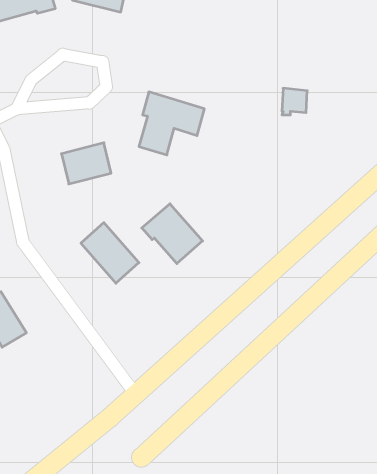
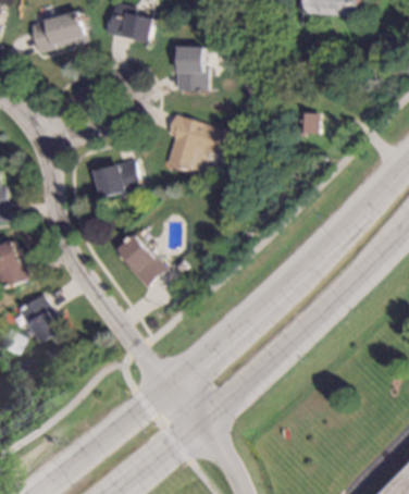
building: none -> [175,47,208,89]
building: [142,204,203,264] -> none

